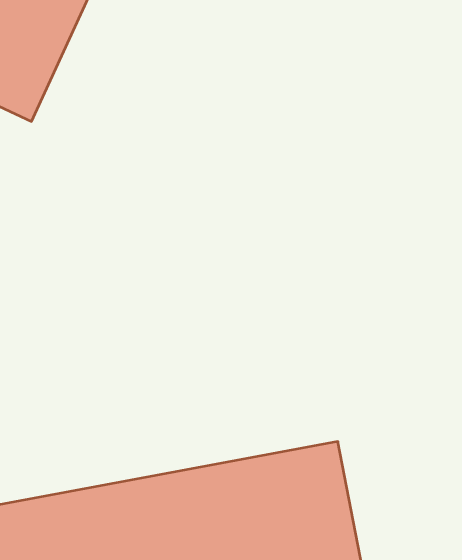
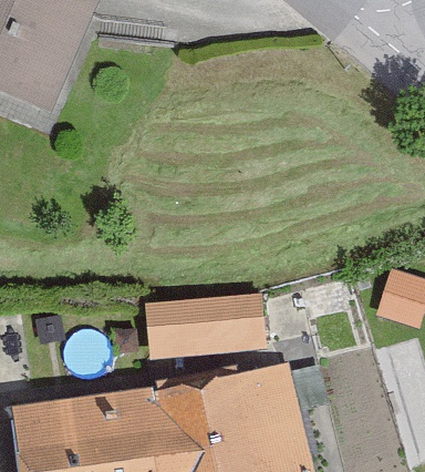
building: none -> [145,298,260,361]

